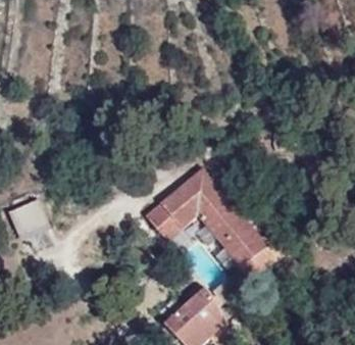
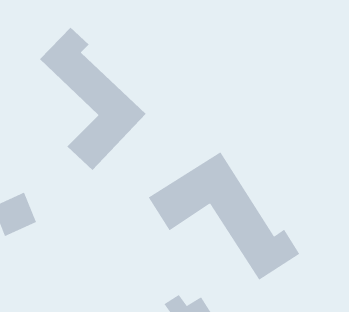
building: none -> [39,27,146,171]

